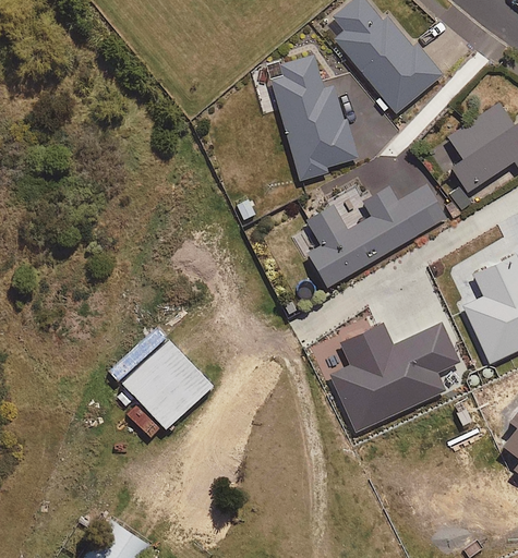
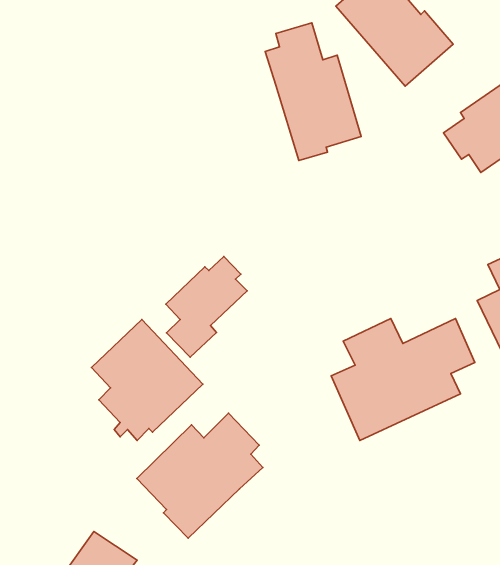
building: [304,183,446,287] -> none
building: none -> [166,257,247,357]
building: none -> [137,413,263,538]

